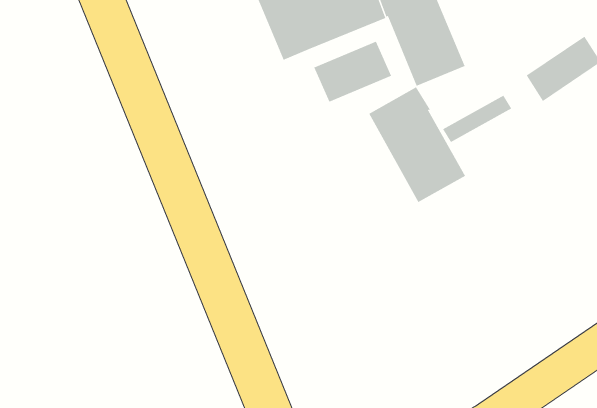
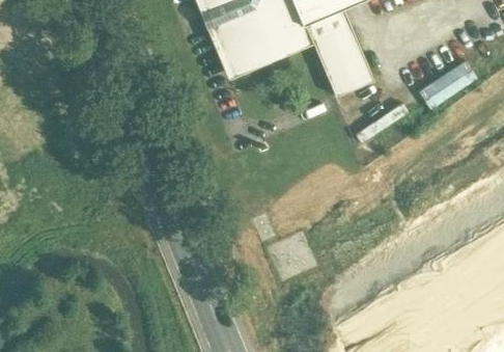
building: [313,41,392,102] -> none
building: [368,87,466,203] -> none

